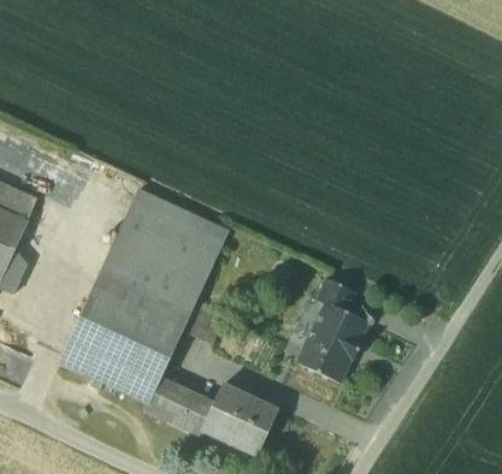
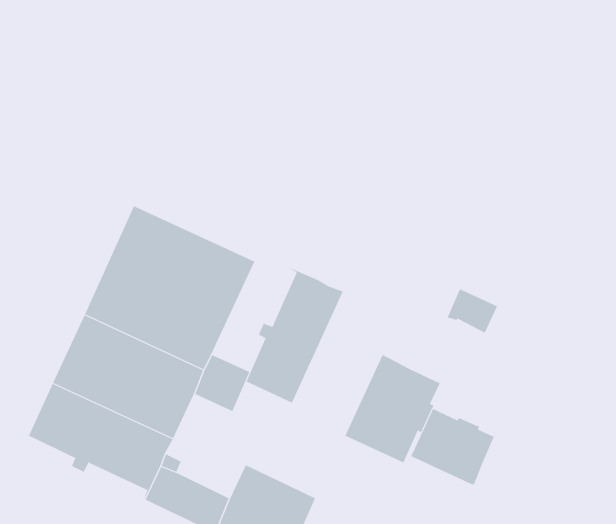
building: none -> [246,267,344,403]
building: [317,277,355,310] -> [447,289,498,333]
building: none -> [411,408,495,485]

